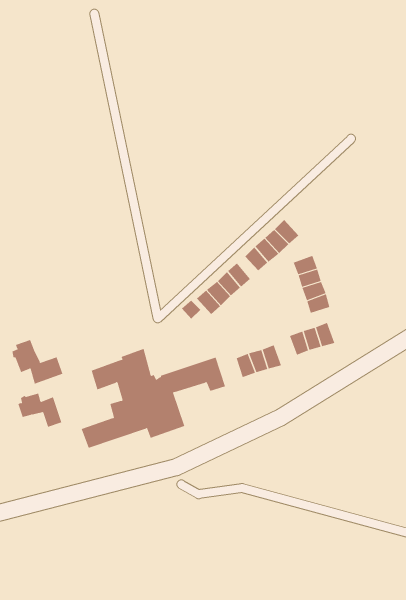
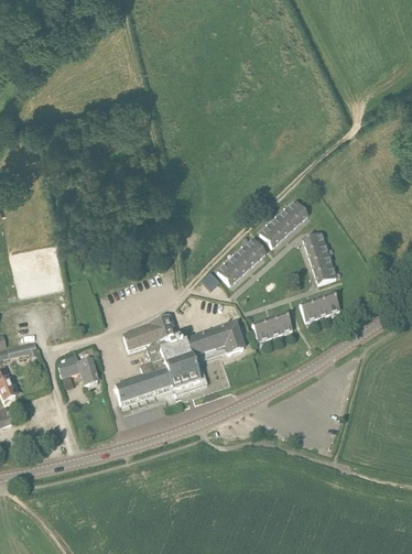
building: [12,339,63,385] -> none

